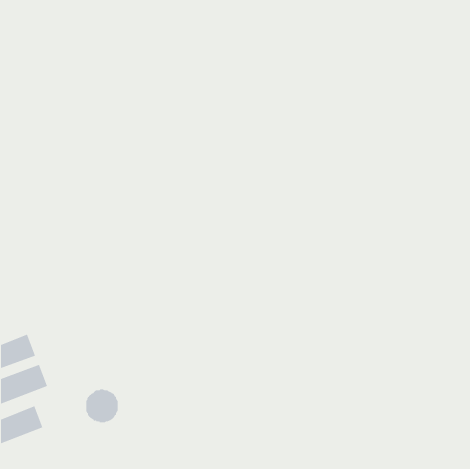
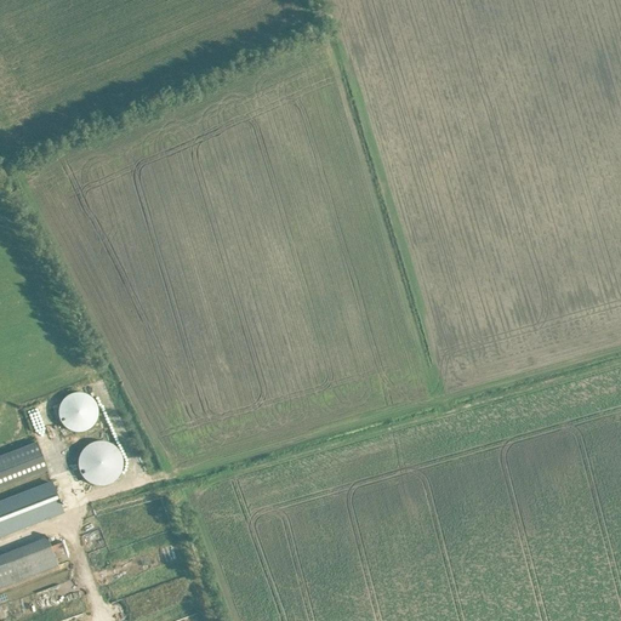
building: none -> [58,392,97,431]
building: [85,389,119,423] -> [78,439,121,484]

